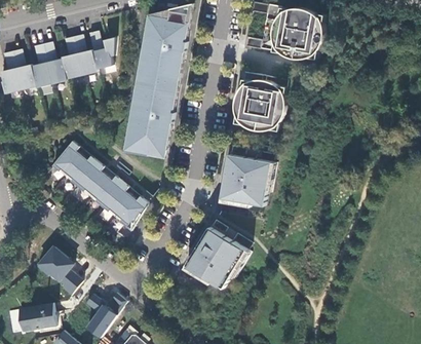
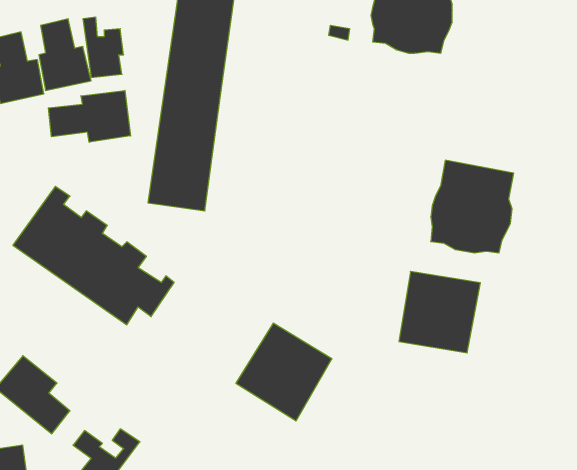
building: [233,70,285,128] -> [431,160,514,253]
building: none -> [48,90,131,142]
building: [221,154,272,205] -> [399,271,480,353]

